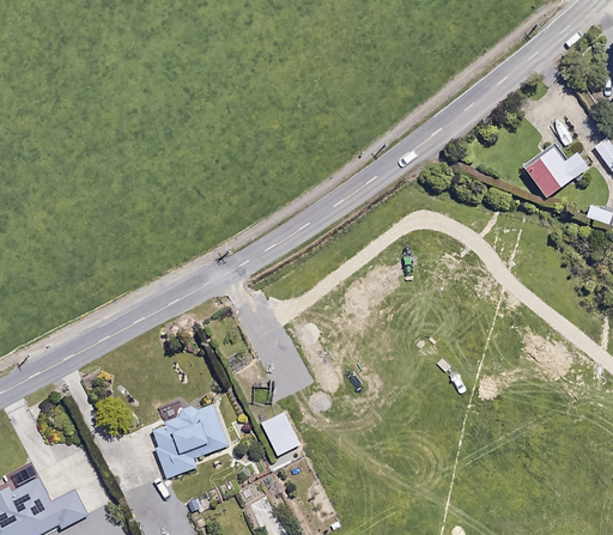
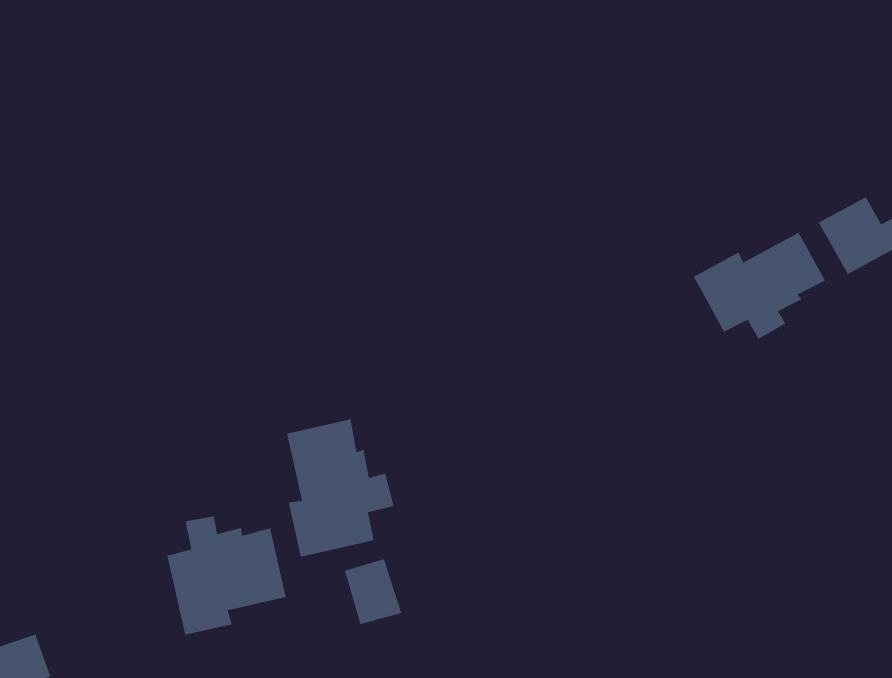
building: none -> [693,232,826,340]
building: none -> [287,419,394,557]

